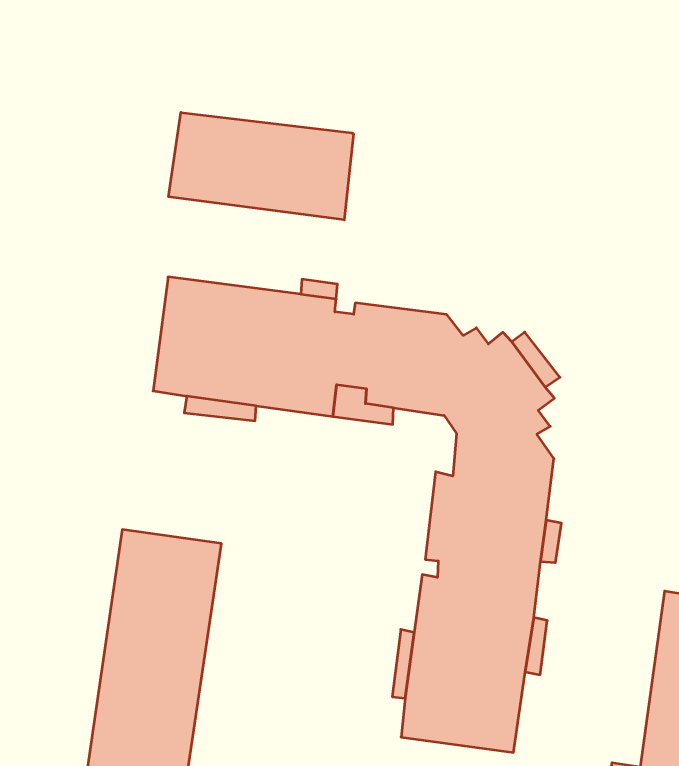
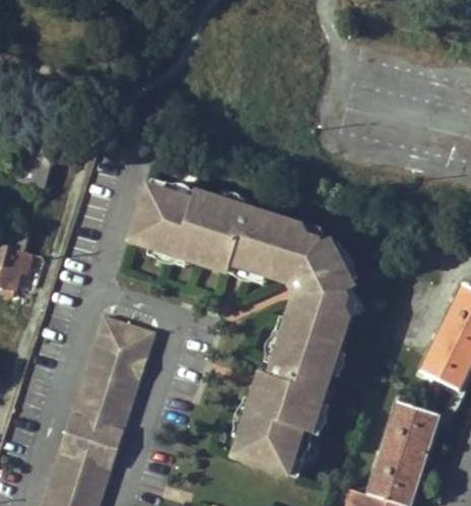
building: [169,112,353,220] -> none

